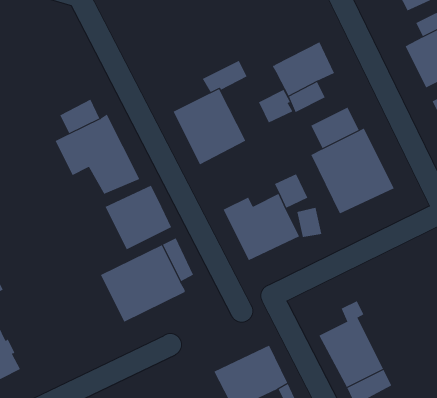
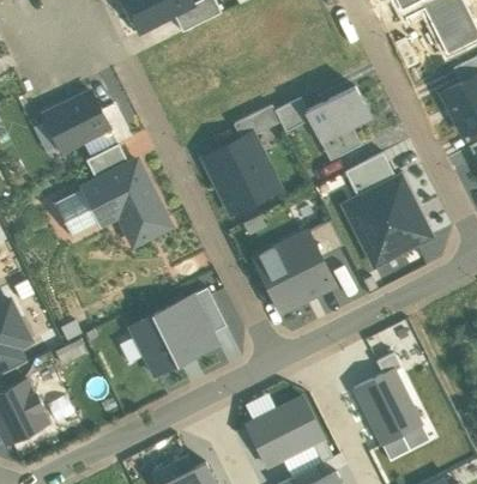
building: none -> [44,92,109,150]
building: [258,89,293,123] -> [274,97,310,132]
building: none -> [55,188,101,237]
building: [105,185,172,250] -> none

